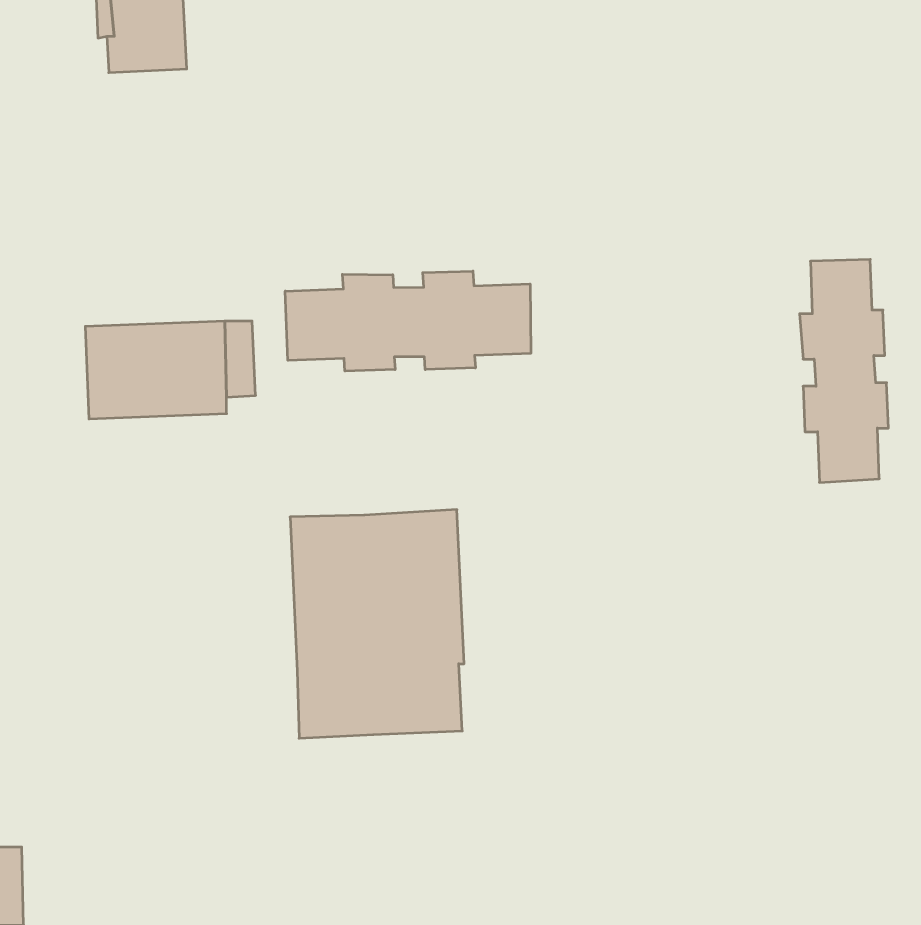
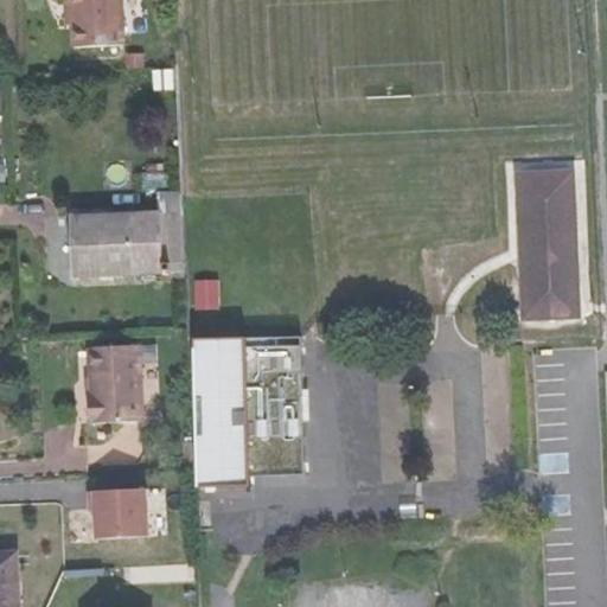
building: [285,271,531,371] -> none
building: none -> [87,345,141,423]
building: none -> [90,484,149,536]

